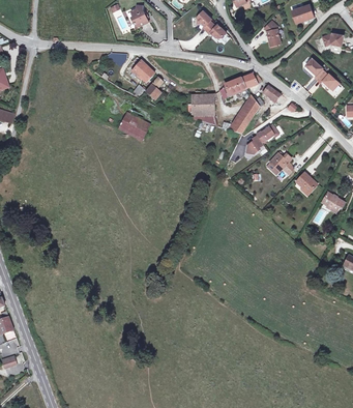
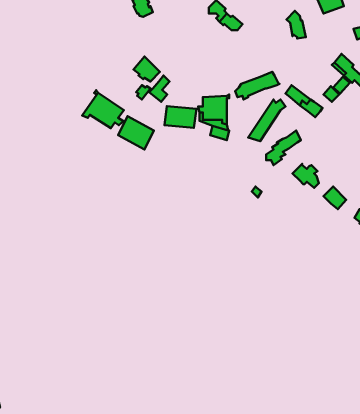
building: none -> [82,90,124,128]
building: none -> [164,106,196,128]

